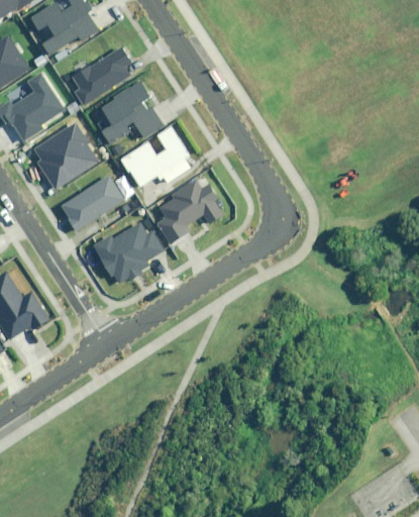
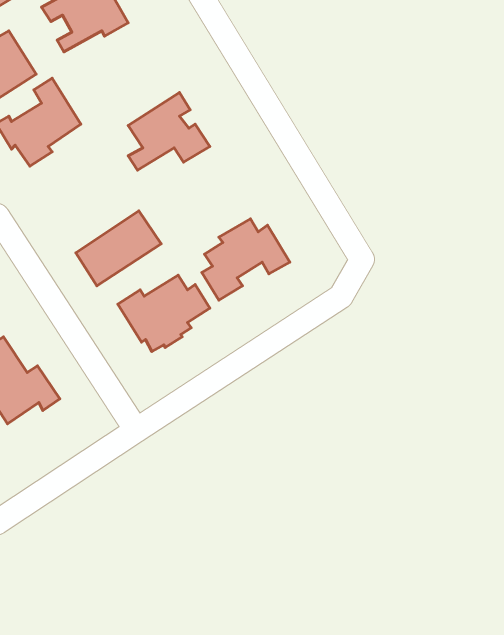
building: [72,47,130,104] -> none
building: [33,122,99,188] -> none
building: [118,124,194,192] -> none

